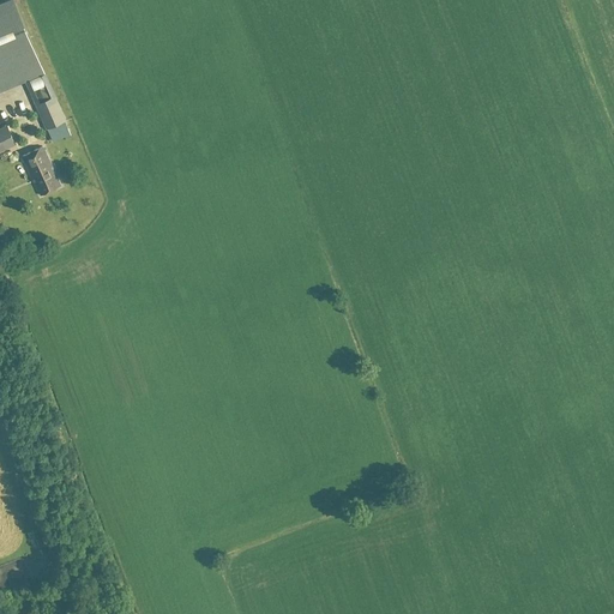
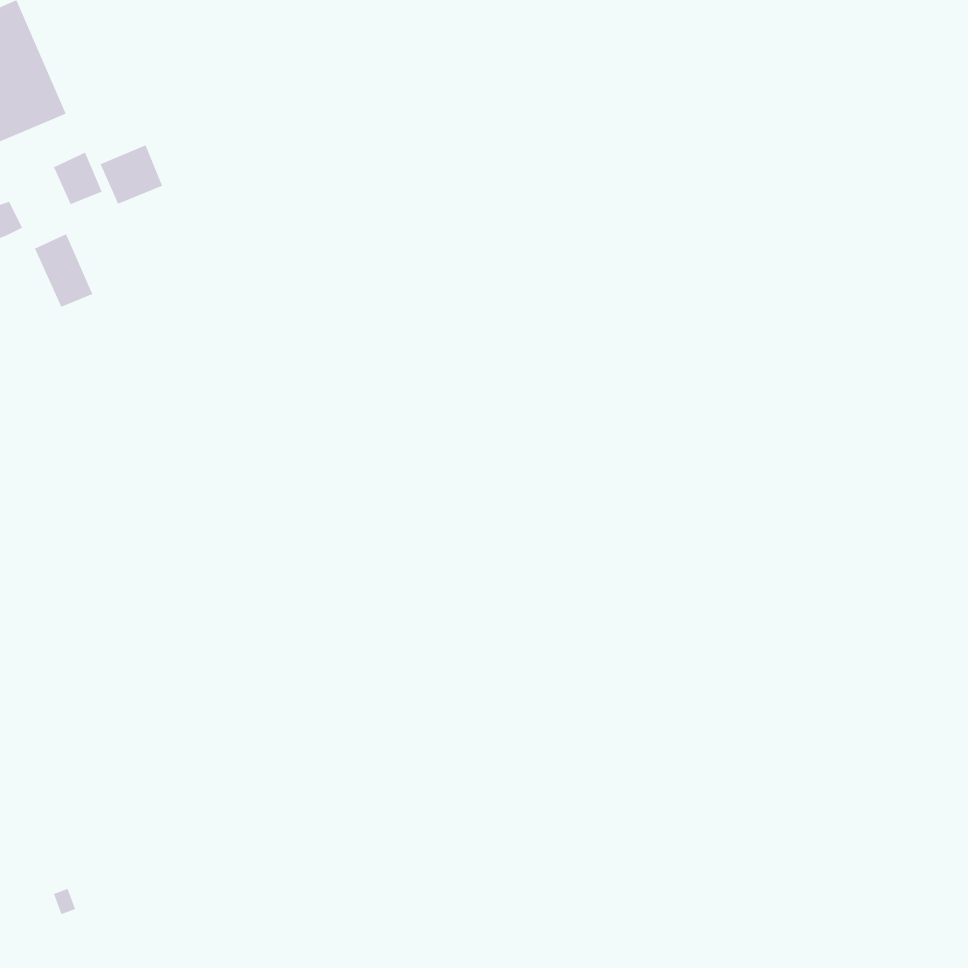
building: none -> [100,144,163,205]

